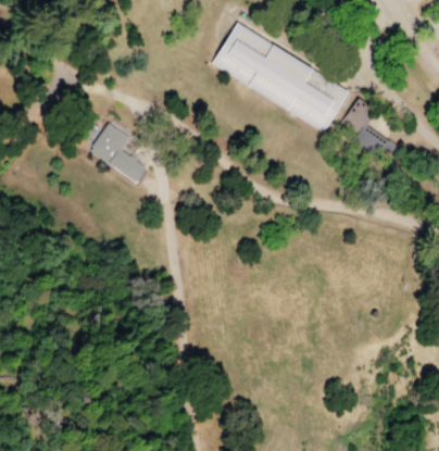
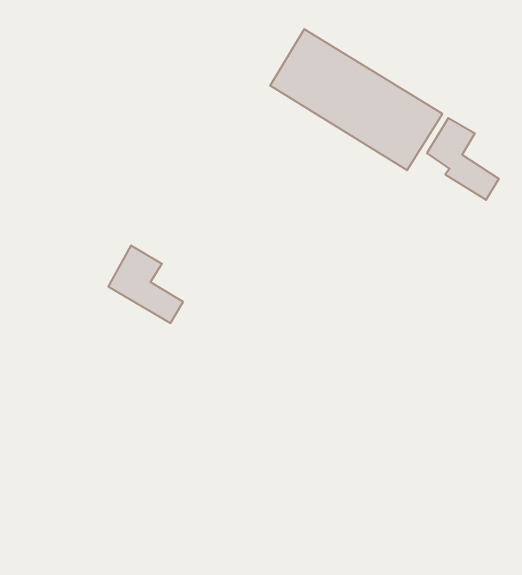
building: [89,120,147,179] -> [108,246,183,323]

